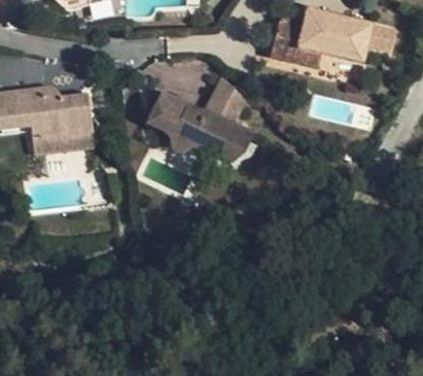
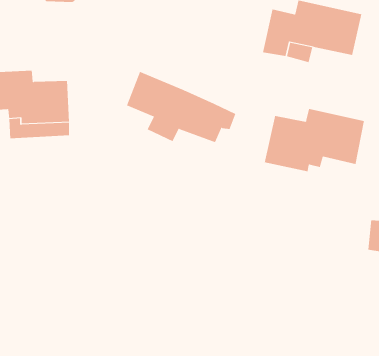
building: [206,75,249,117] -> none
building: none -> [264,108,365,172]

